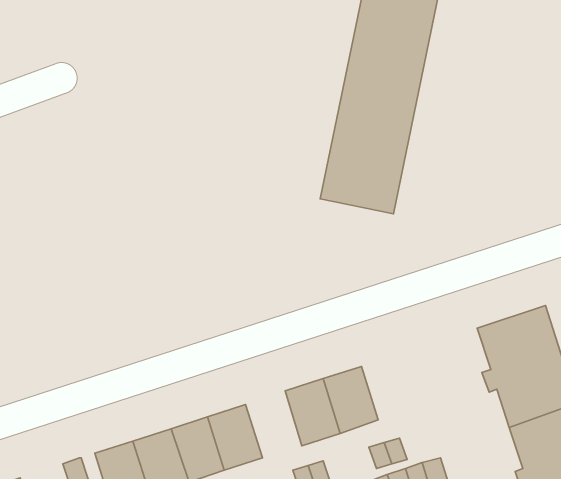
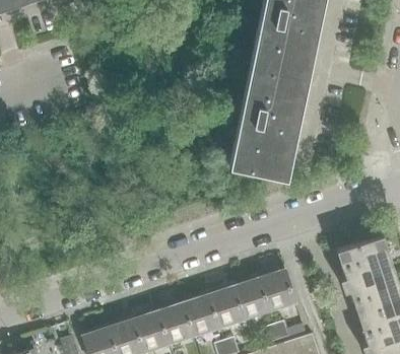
building: none -> [261,267,297,310]
building: none -> [184,291,221,336]

